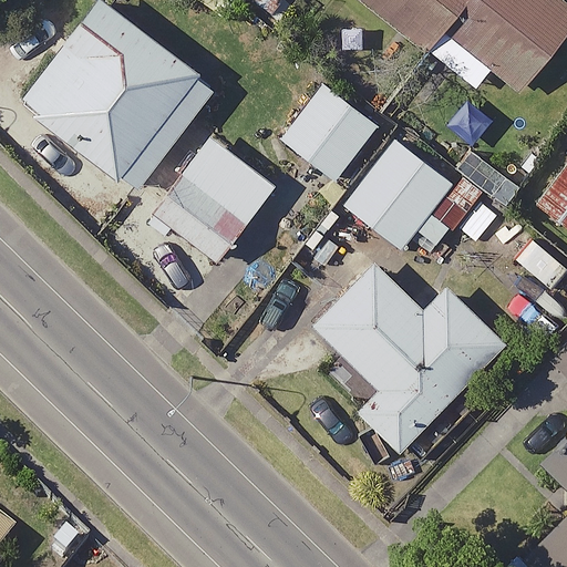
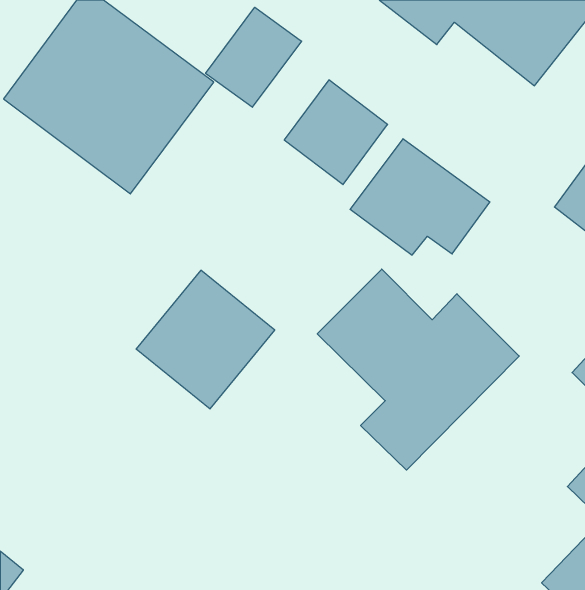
building: none -> [206,7,302,107]
building: [146,133,277,264] -> [136,270,275,409]

